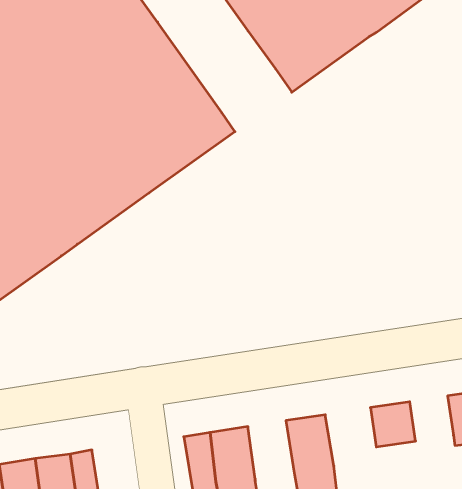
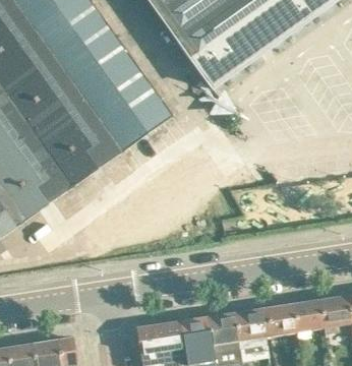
building: none -> [293,299,324,330]
building: none -> [234,307,270,348]
building: none -> [180,316,213,358]

